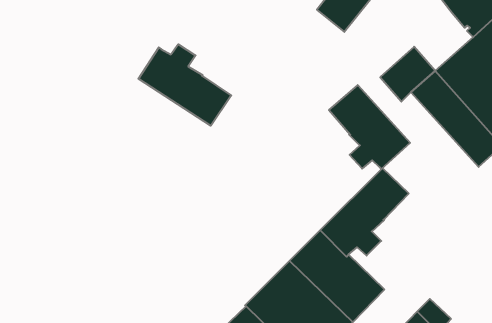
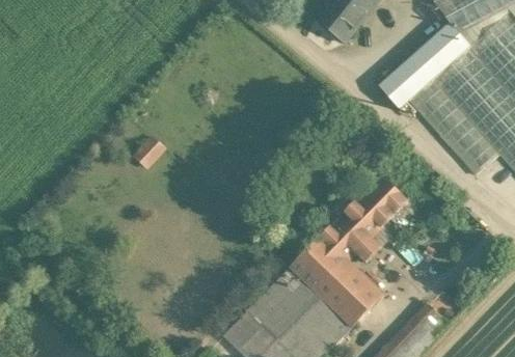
building: none -> [413,21,471,78]
building: [138,44,231,126] -> none
building: [329,85,410,169] -> none
building: none -> [132,133,163,167]

